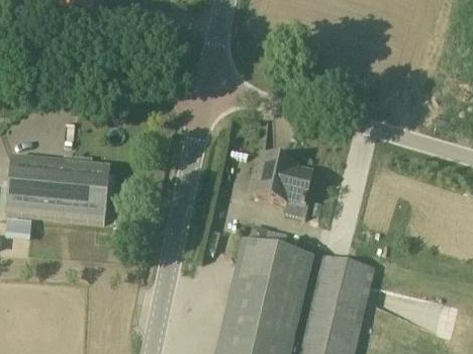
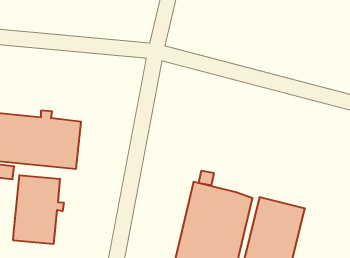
building: [255,155,312,215] -> none
building: none -> [13,175,64,244]

